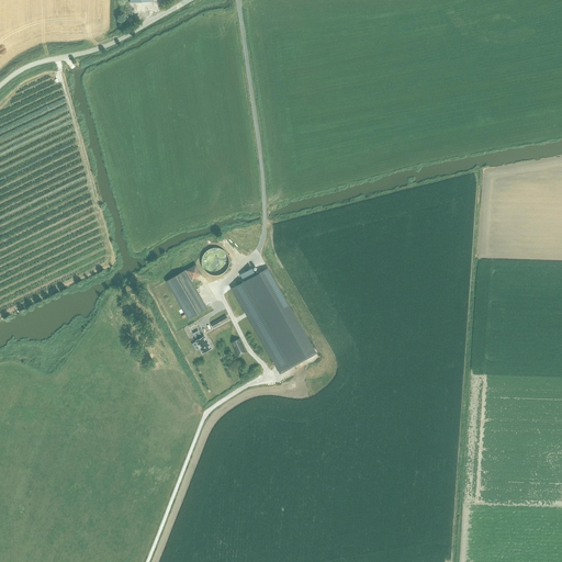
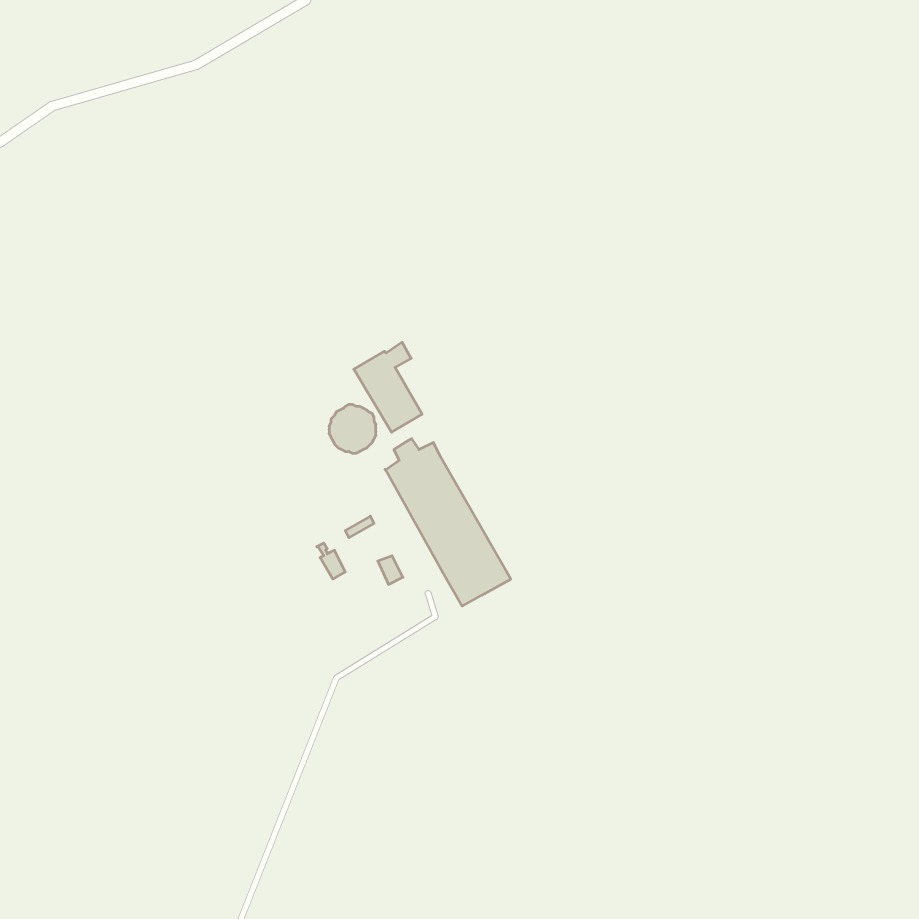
building: [166,265,207,319] -> [354,342,422,432]

